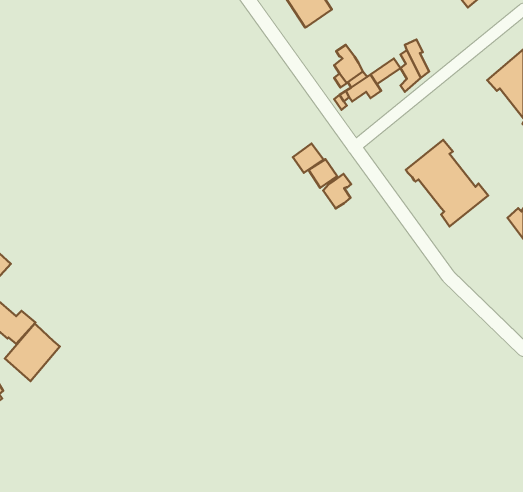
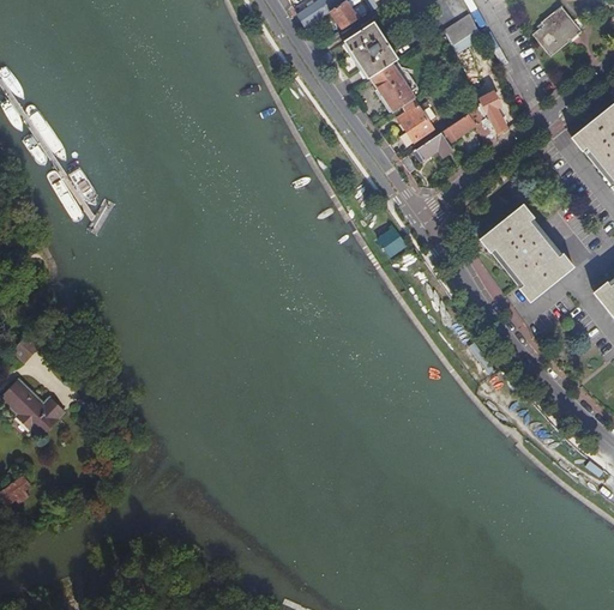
building: none -> [371,64,409,105]
building: [293,143,323,173] -> none
building: [323,174,351,209] -> none
building: [5,324,60,381] -> none

